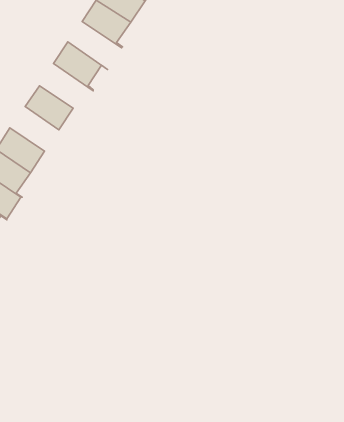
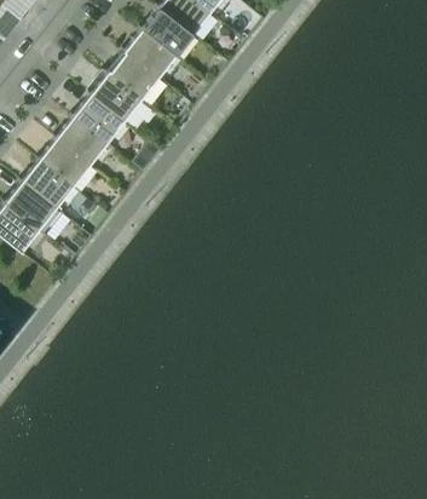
building: none -> [123,31,180,85]
building: none -> [90,74,146,127]
building: none -> [54,117,106,167]

